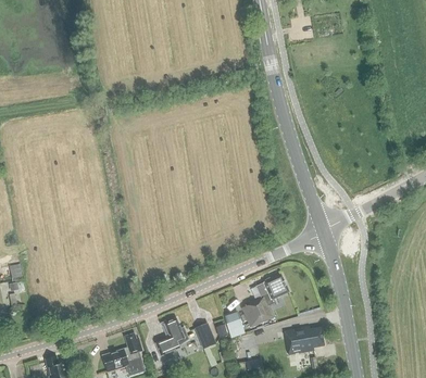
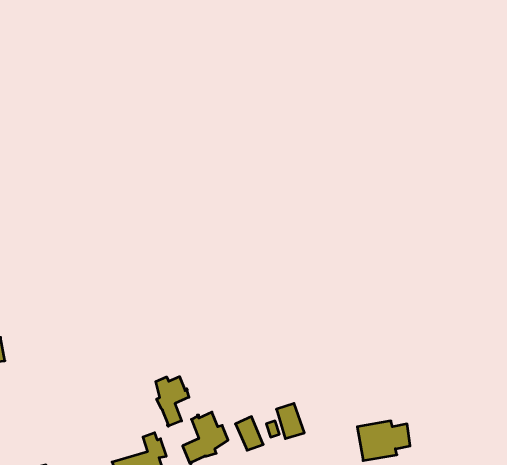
building: [241,275,287,327] -> none
building: none -> [156,377,189,426]

